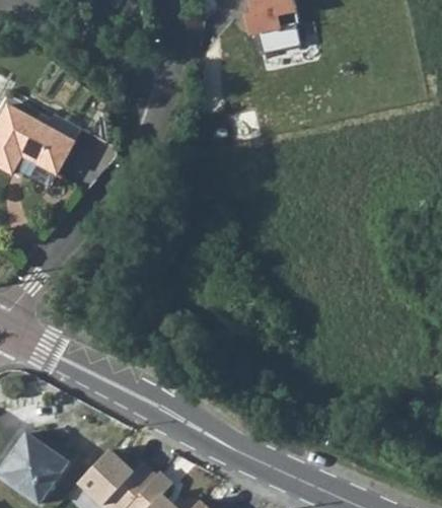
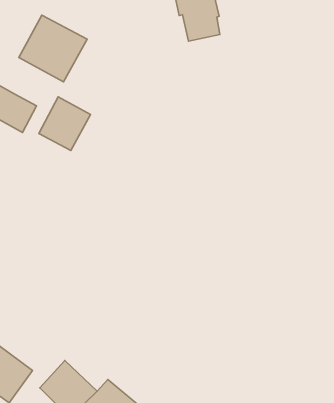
building: none -> [19,15,87,82]
building: none -> [39,97,91,151]

